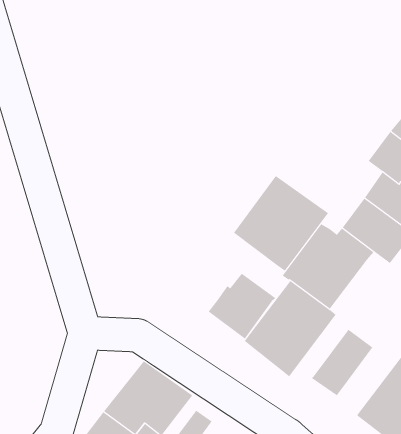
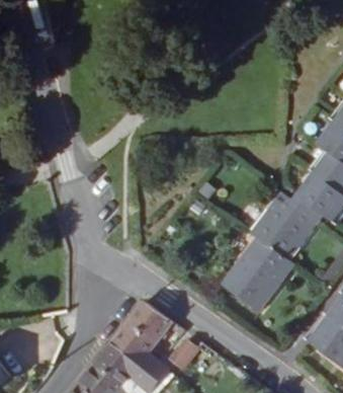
building: [233,175,329,272] -> none
building: [208,273,276,340] -> none
building: [311,329,373,396] -> none

